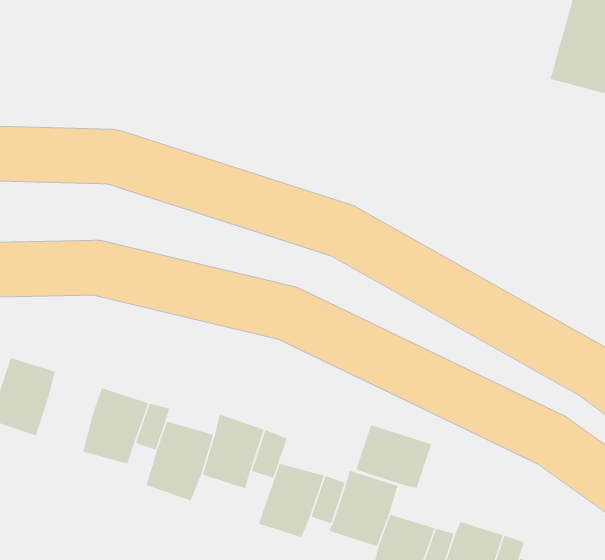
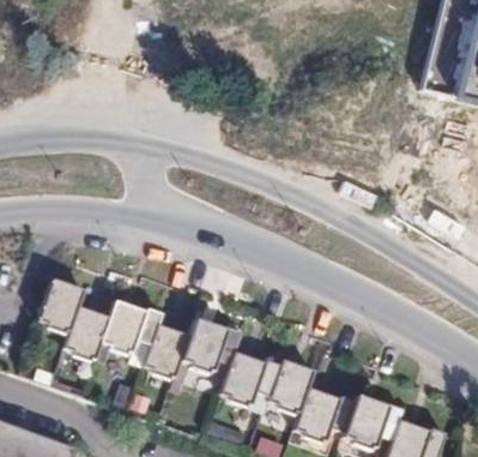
building: none -> [63,307,108,360]
building: [356,424,432,489] -> none

